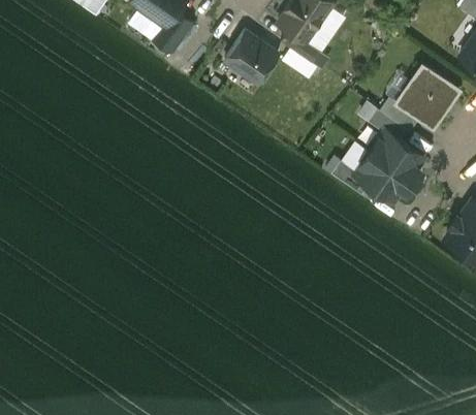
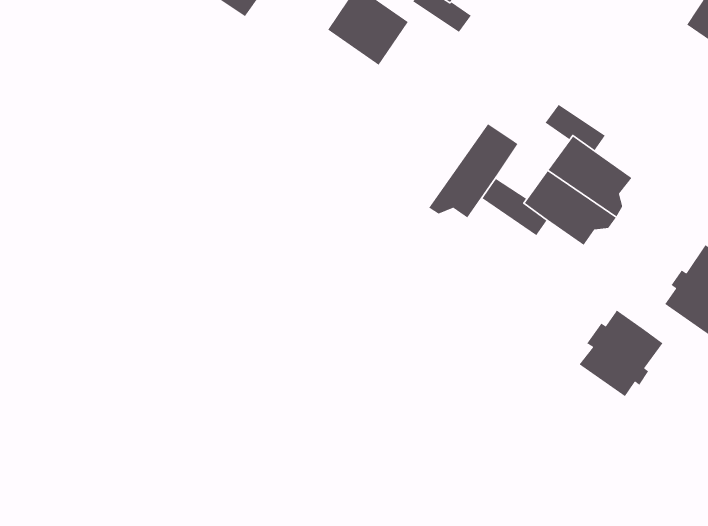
building: [399,65,458,128] -> none
building: none -> [428,123,518,218]
building: none -> [579,309,663,397]

